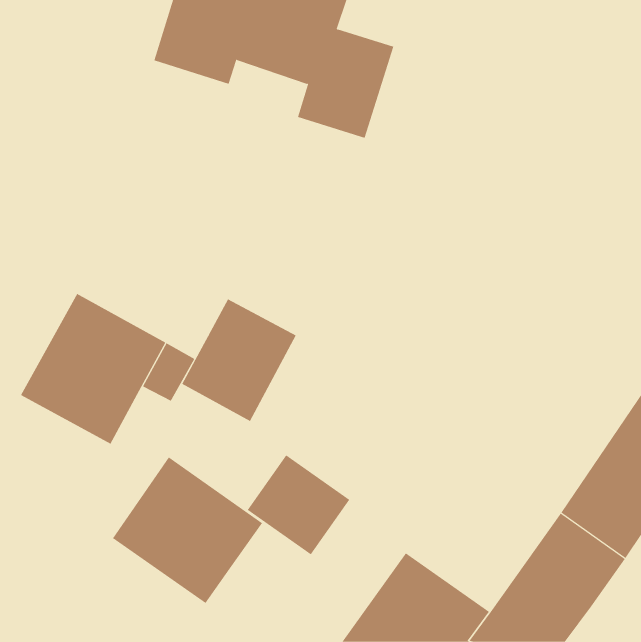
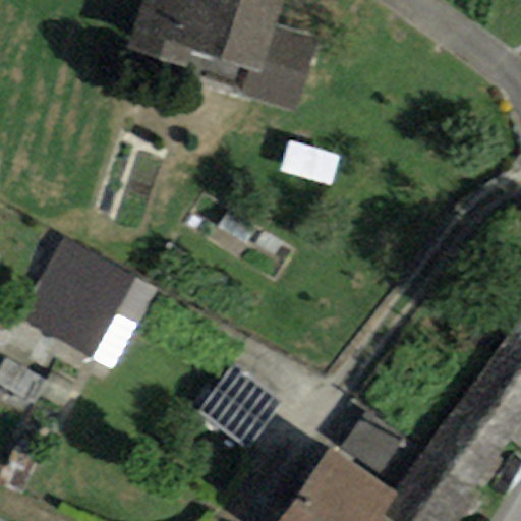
building: [181,299,296,422] -> none
building: [112,457,263,604] -> none

